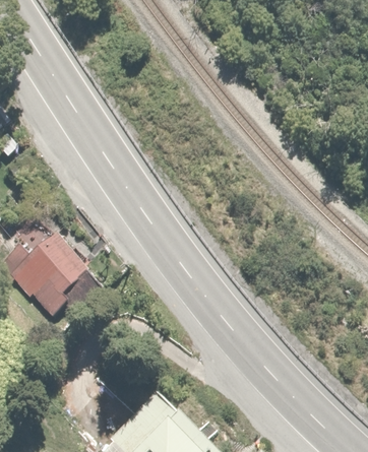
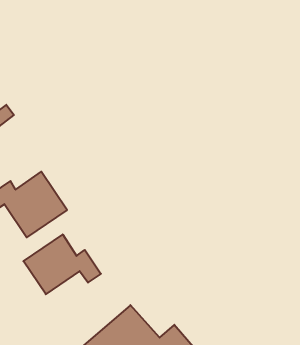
building: none -> [23,234,101,294]

